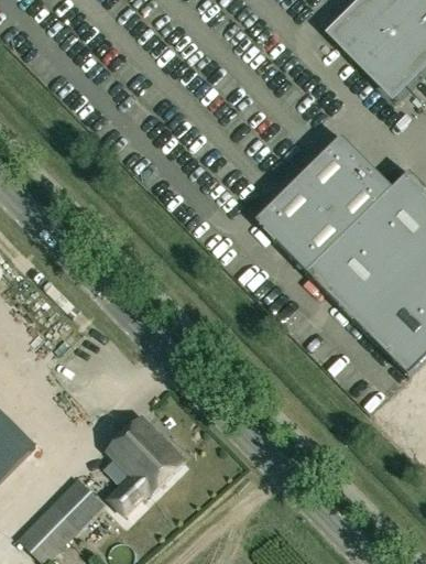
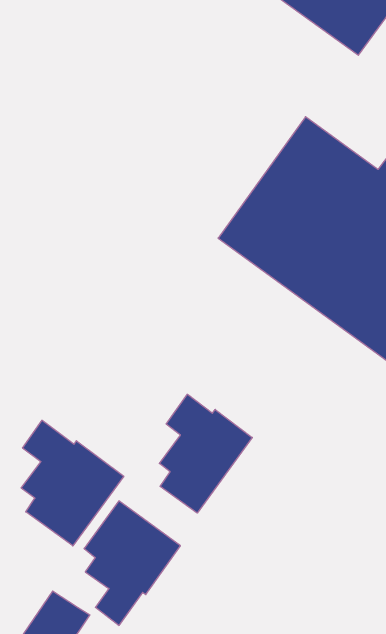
building: none -> [159,394,252,513]
building: none -> [21,420,124,546]

